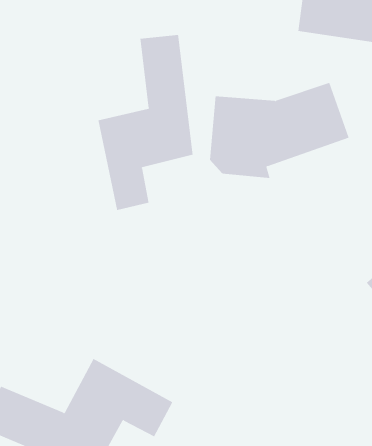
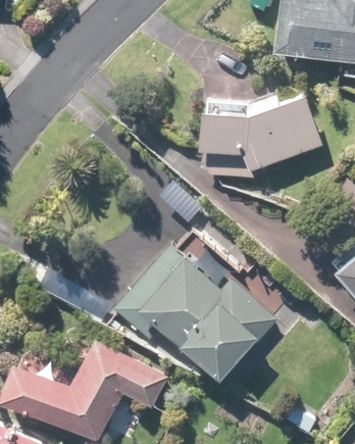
building: [98,34,193,211] -> none
building: none -> [113,247,275,379]

